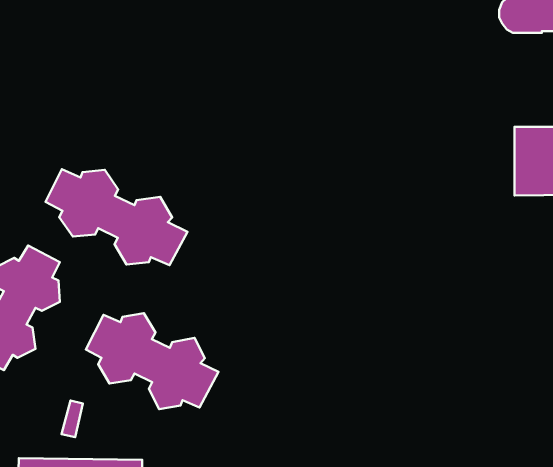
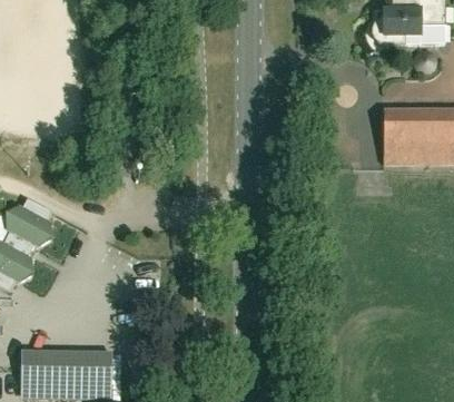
building: [45,169,187,265] -> none
building: [86,313,218,409] -> none

